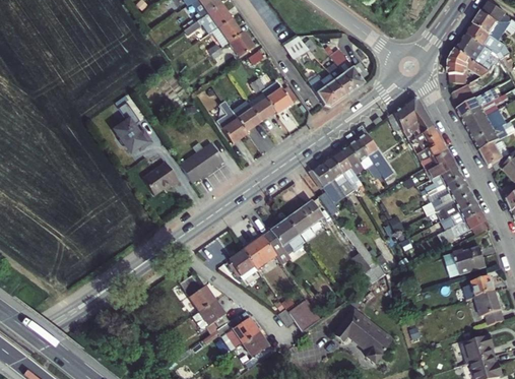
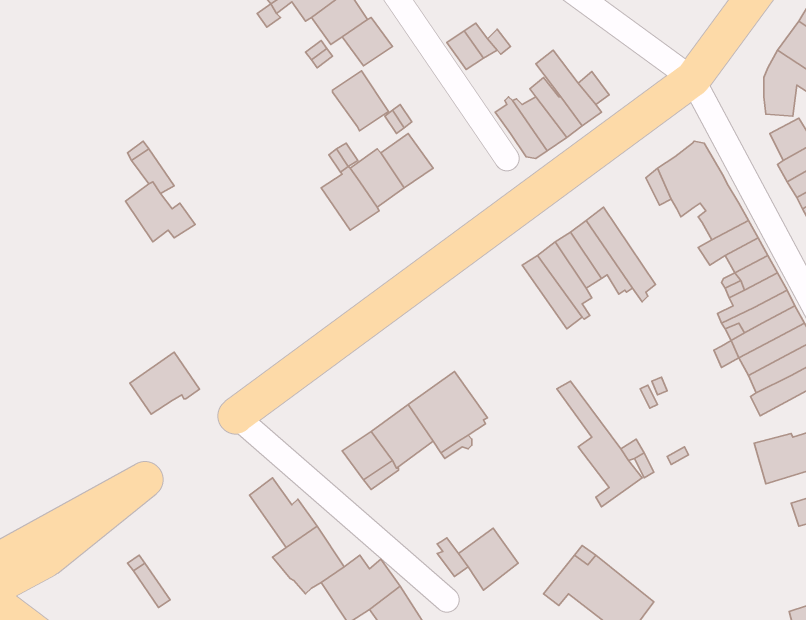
building: [262,81,292,113] -> [332,71,388,131]
building: [180,142,223,182] -> none
building: [142,162,179,194] -> [130,352,199,414]
building: [309,162,345,213] -> none
building: [286,200,322,242] -> none

